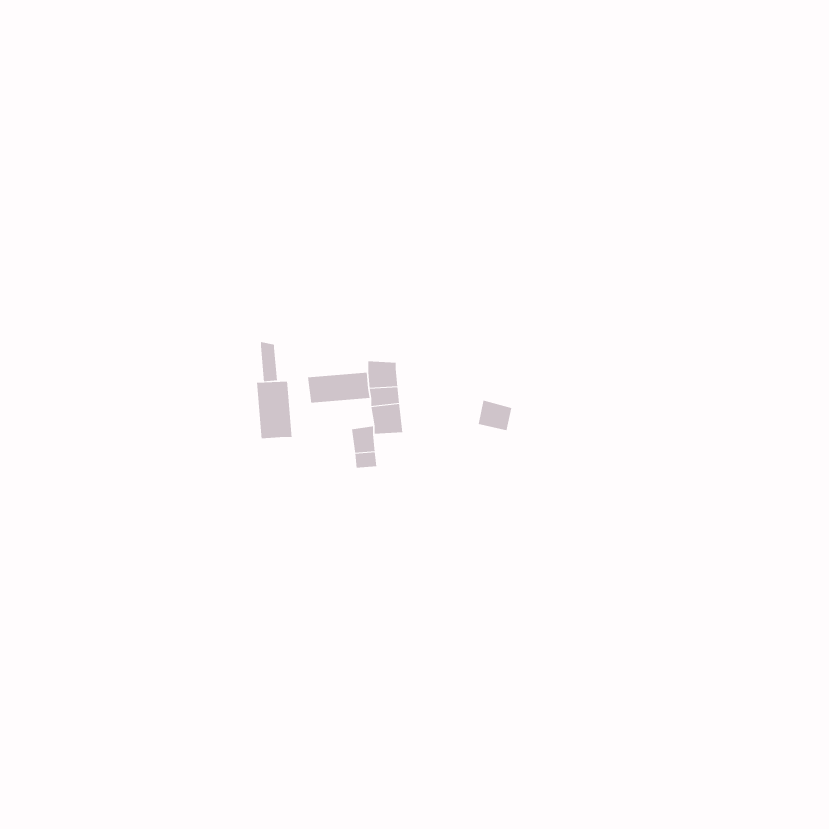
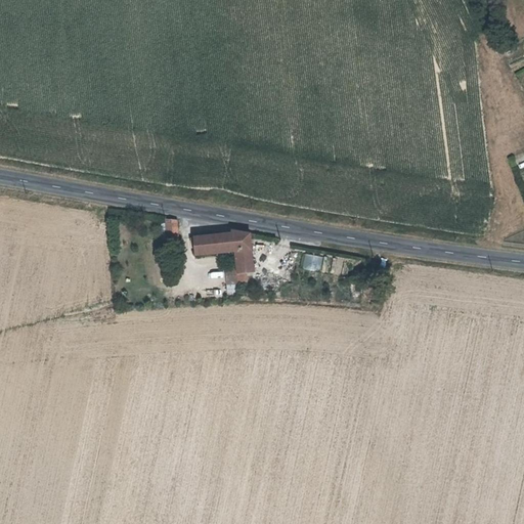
building: [256,381,292,439] -> none

